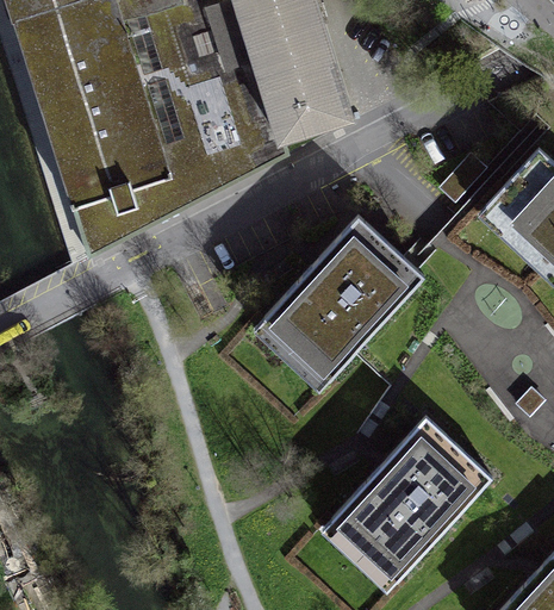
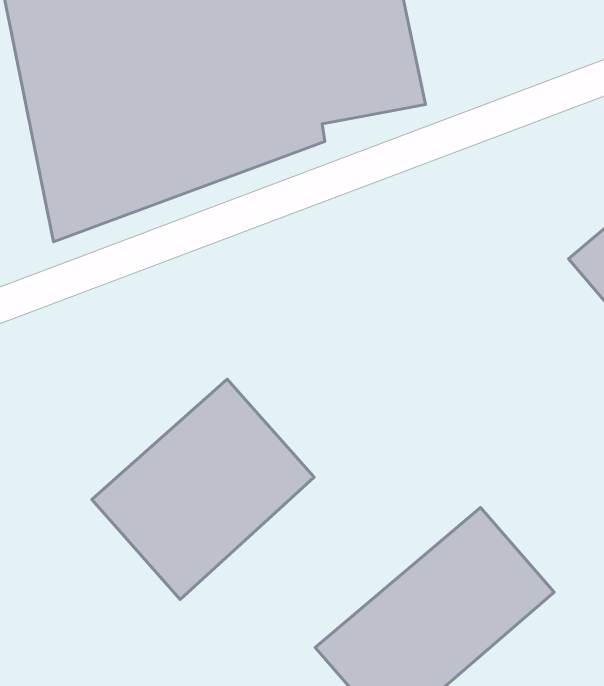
building: [248,217,424,400] -> none
building: none -> [92,379,314,599]

